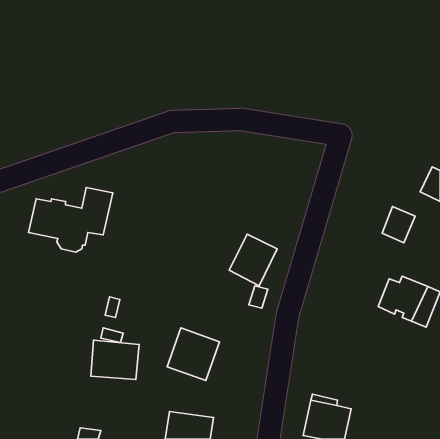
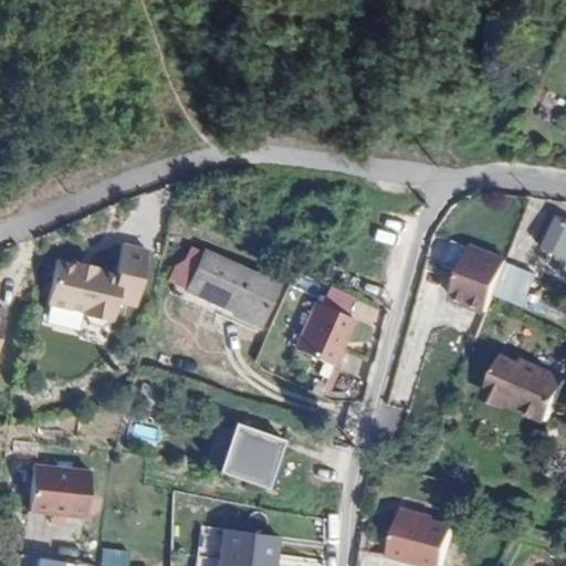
building: none -> [185,249,286,328]
building: none -> [449,249,505,314]
building: [91,340,139,380] -> [28,467,90,517]

